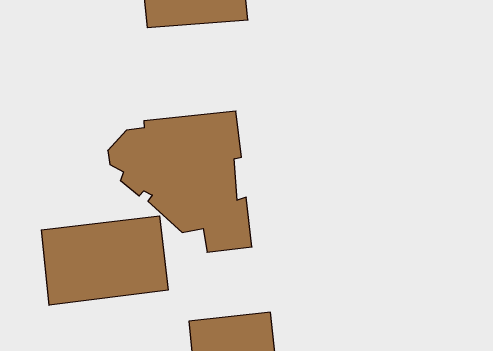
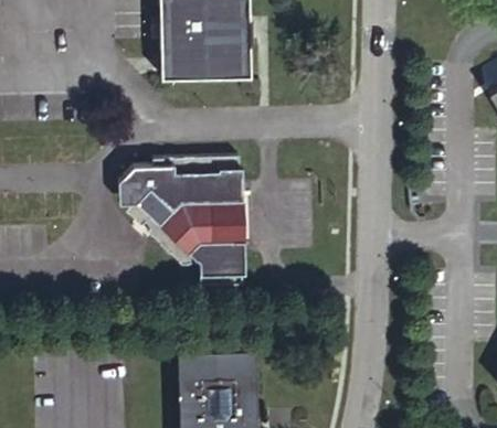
building: [41,216,168,305] -> none

